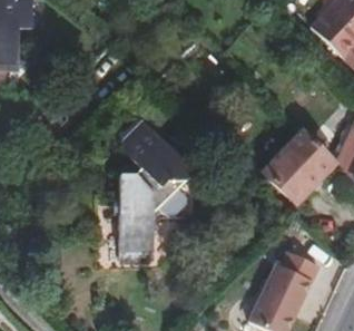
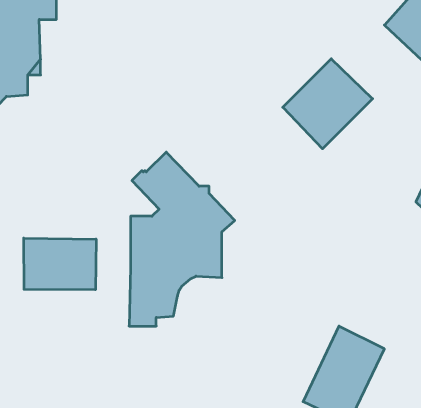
building: [264,130,334,201] -> [283,59,373,149]
building: none -> [24,238,96,290]

